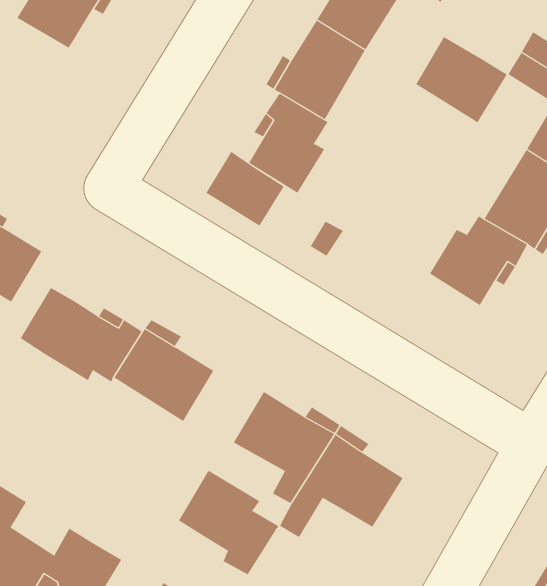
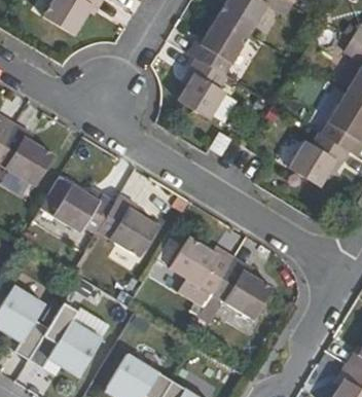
building: [415,36,507,123] -> none
building: [205,151,285,227] -> none
building: [178,470,279,575] -> none

